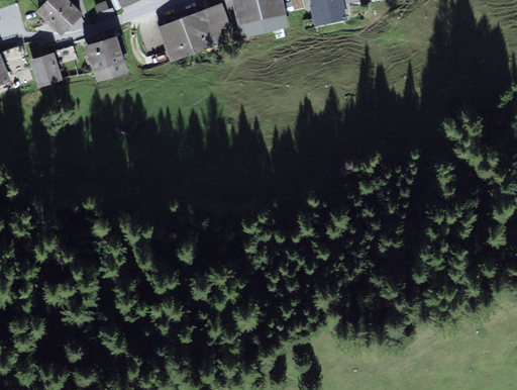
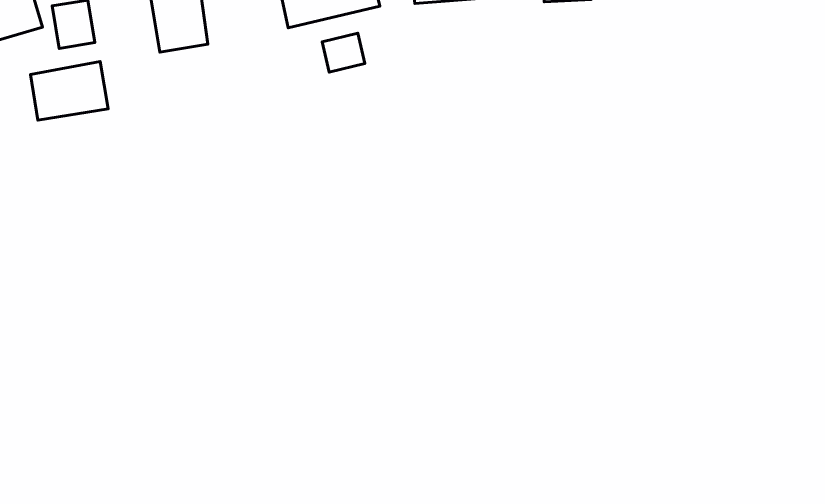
building: none -> [322,33,365,72]
building: none -> [30,61,108,120]

